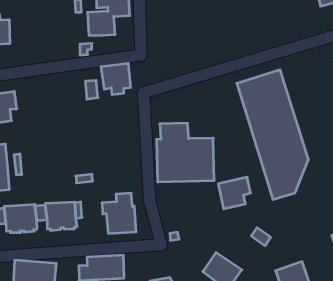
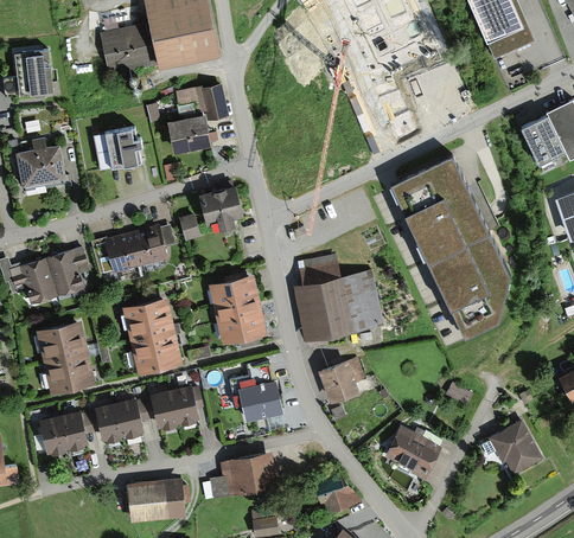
building: none -> [94,127,144,169]
building: none -> [91,223,174,273]
building: none -> [208,274,267,351]
building: none -> [122,297,183,376]
building: [218,177,251,209] -> [318,358,365,408]

